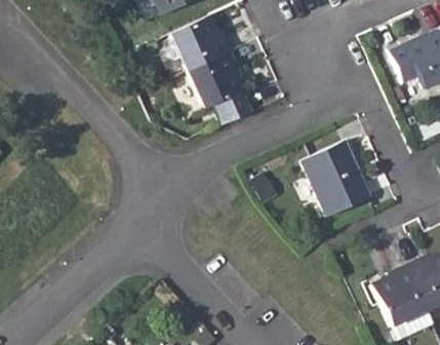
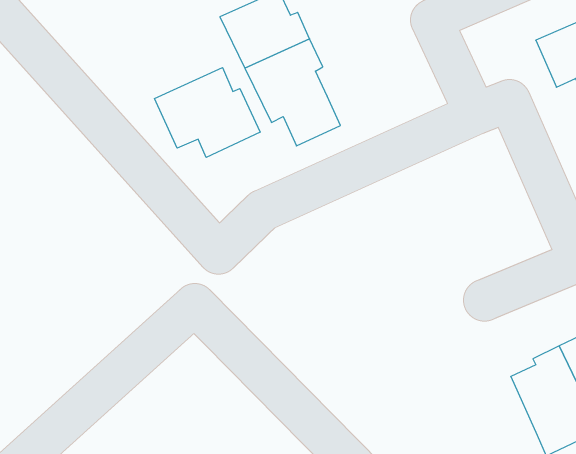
building: none -> [155,68,260,157]
building: [303,139,370,216] -> none

